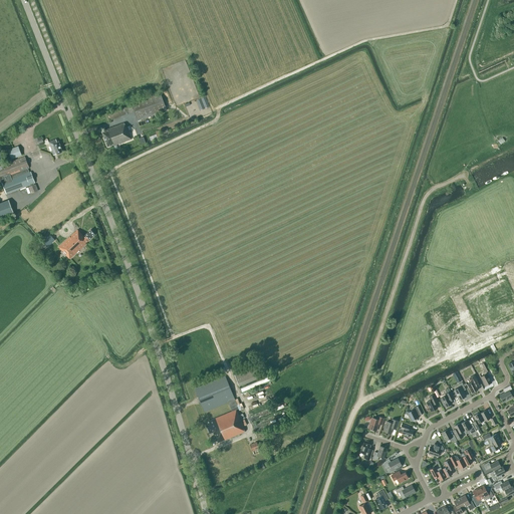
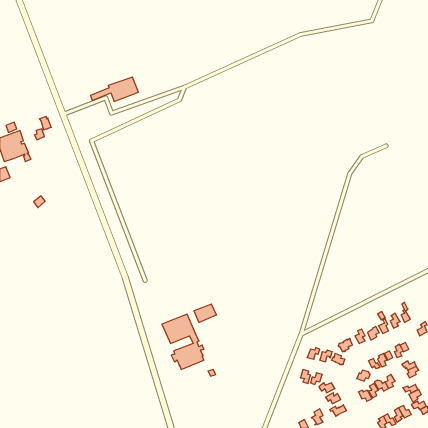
building: [100,123,131,148] -> none
building: [58,230,94,260] -> none

